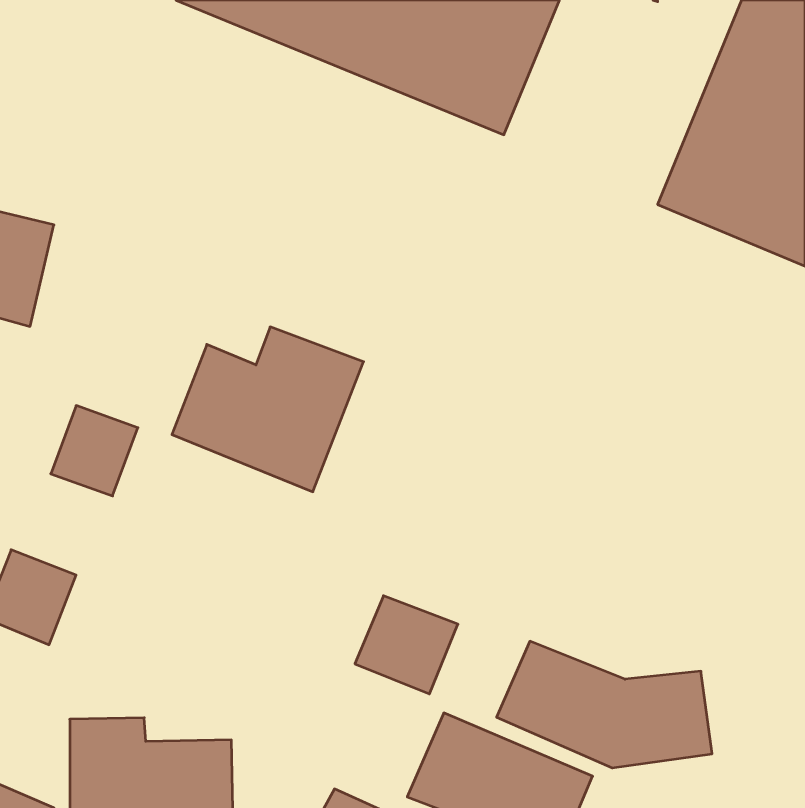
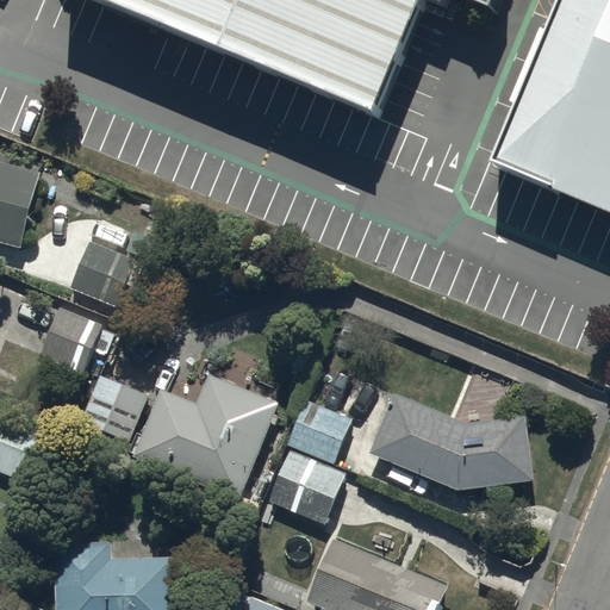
building: none -> [69,239,122,301]
building: [172,327,364,492] -> [133,375,278,499]
building: none -> [74,372,147,441]
building: none -> [281,398,349,463]
building: [497,641,712,768] -> [371,394,533,490]

